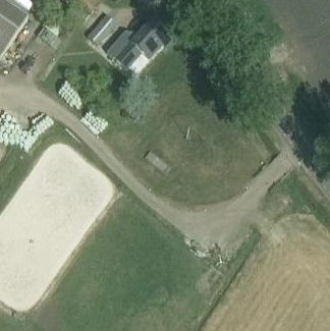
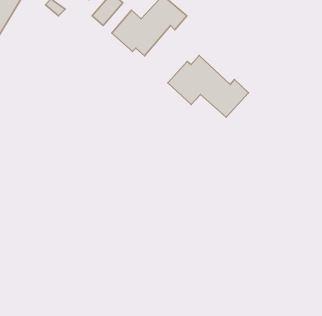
building: none -> [168,56,249,117]

